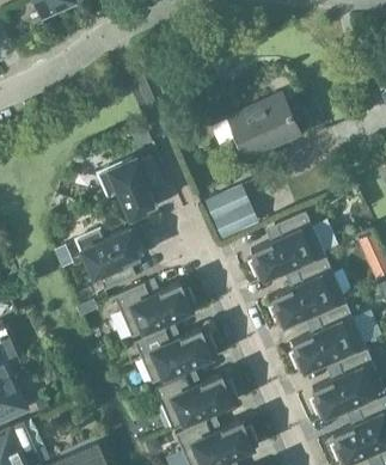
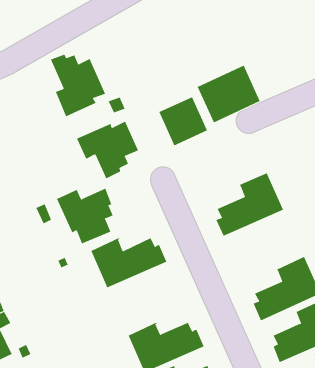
building: none -> [50,54,106,117]
building: [206,184,259,238] -> [158,97,208,146]
building: [270,256,344,325] -> none
building: [134,328,217,381] -> none

